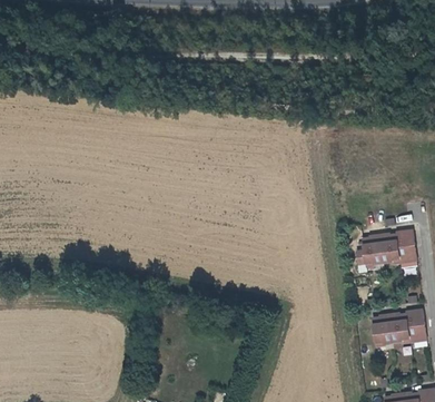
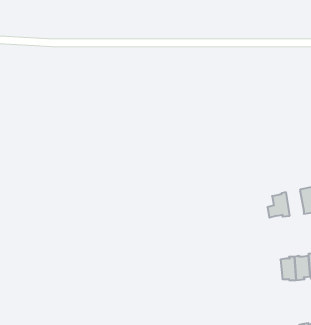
building: [379,237,401,266] -> none

